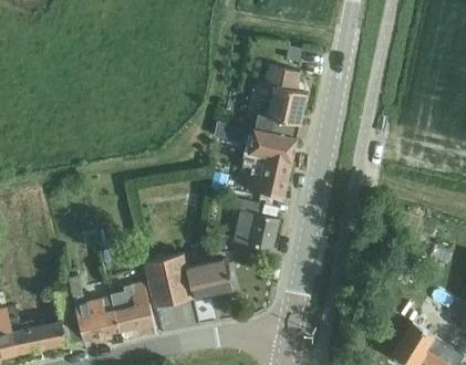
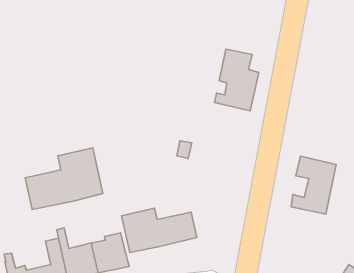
building: [244,129,297,198] -> [291,156,336,214]
building: none -> [25,148,103,209]
building: [231,198,278,251] -> none

